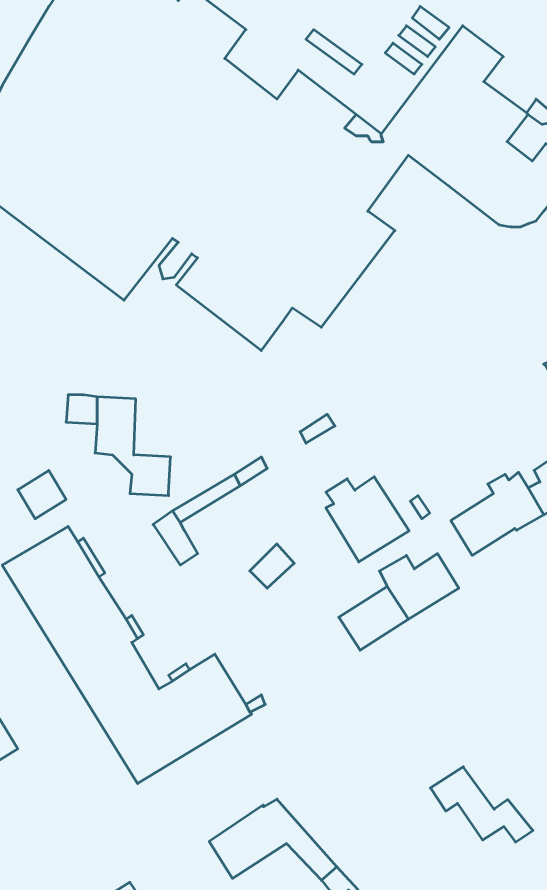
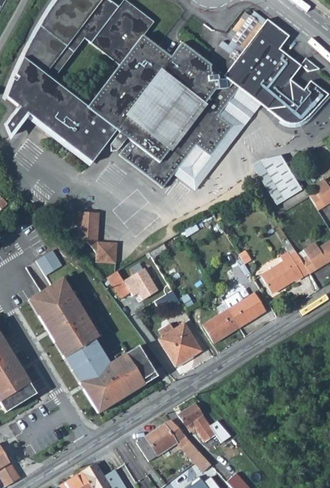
building: none -> [174,87,260,190]
building: none -> [251,156,301,205]
building: [326,477,409,562] -> [159,323,202,367]
building: none -> [123,269,158,300]
building: [430,767,533,842] -> [177,404,230,443]

